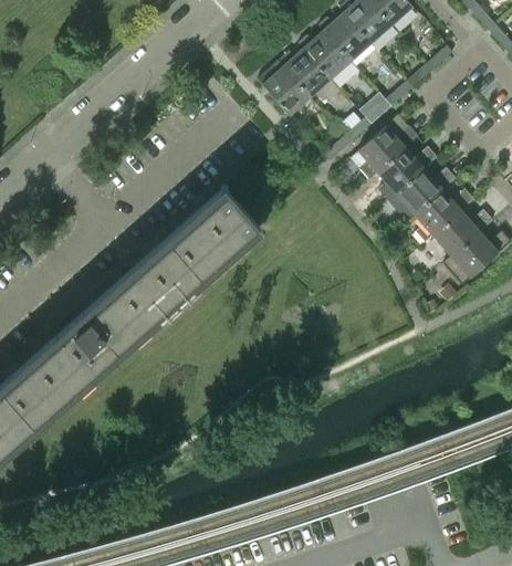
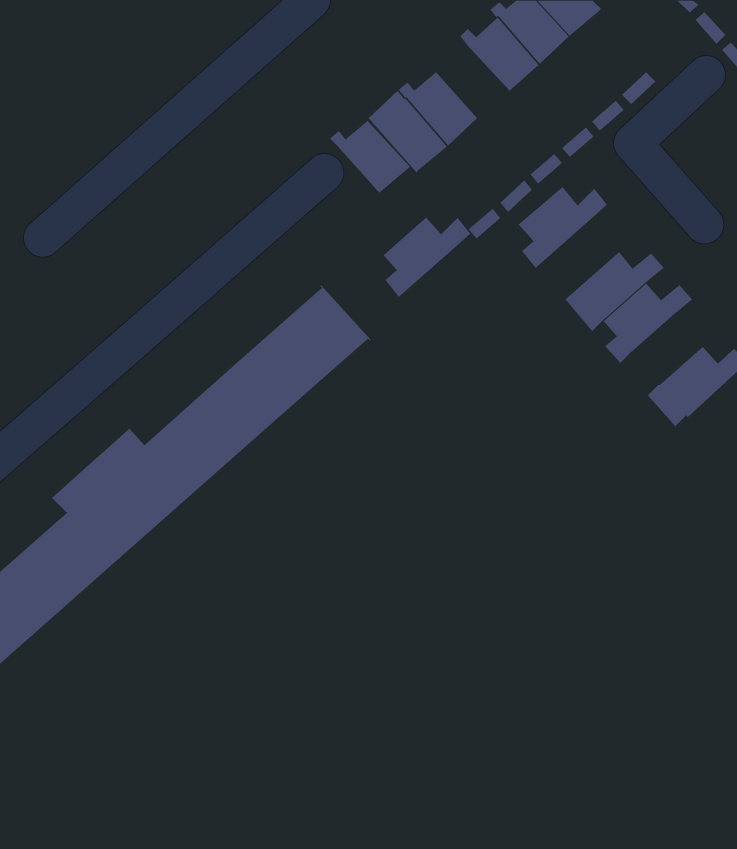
building: [299,31,353,80] -> [329,120,411,193]
building: [378,147,437,201] -> [383,217,471,299]
building: [433,210,492,256] -> none

